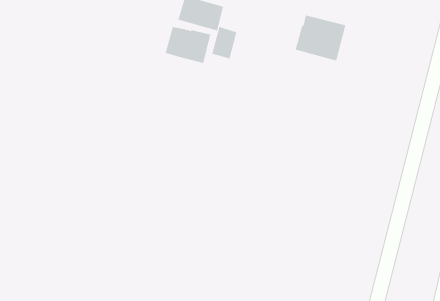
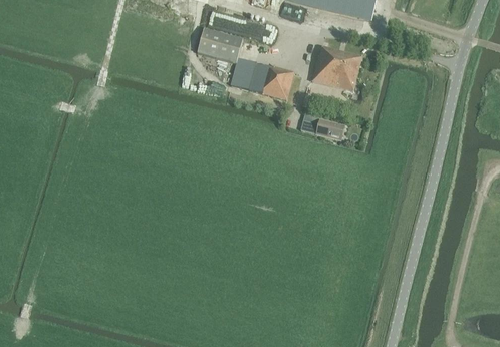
building: [165,26,211,63] -> [248,63,293,99]
building: none -> [315,119,343,140]

